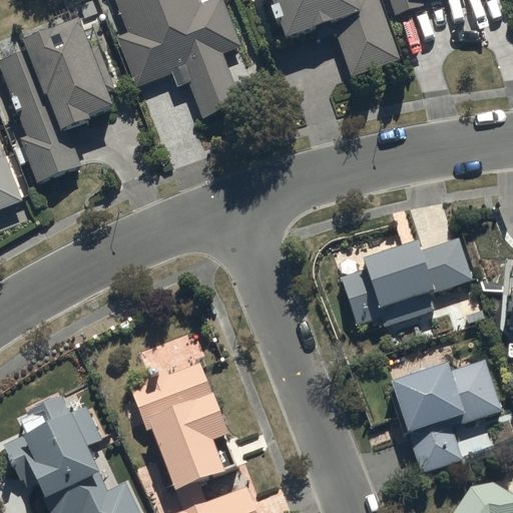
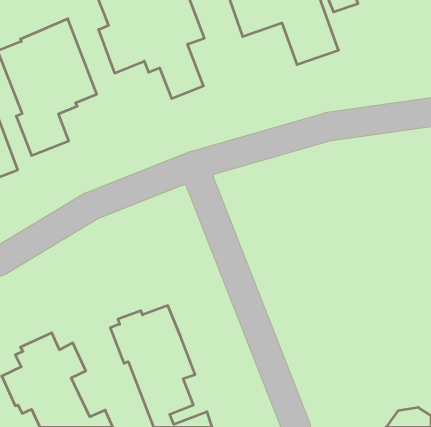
building: [339,236,472,327] -> none
building: [391,359,501,473] -> none

